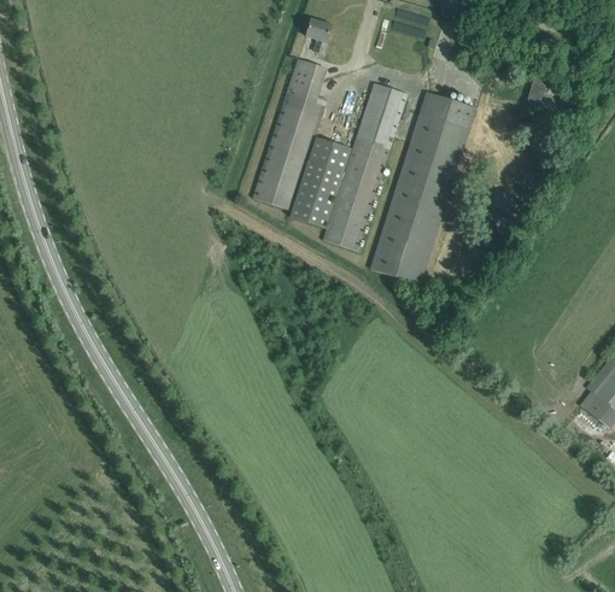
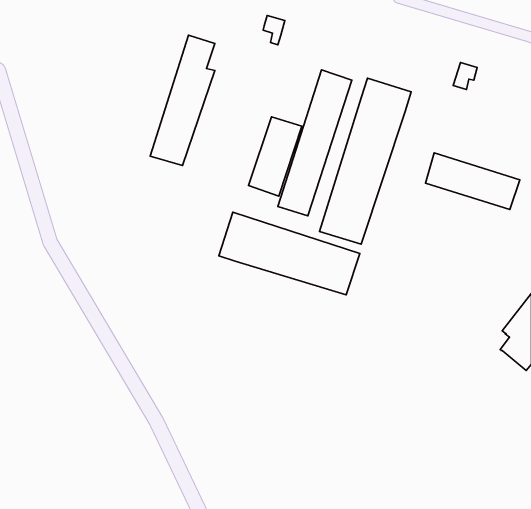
building: [252,58,327,209] -> [150,35,215,166]
building: none -> [425,153,520,209]
building: none -> [219,212,360,295]

